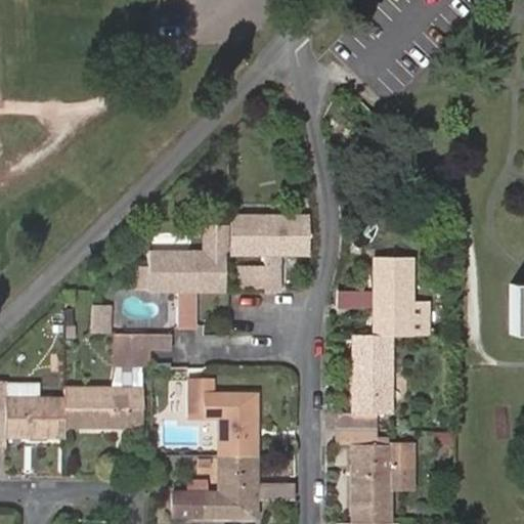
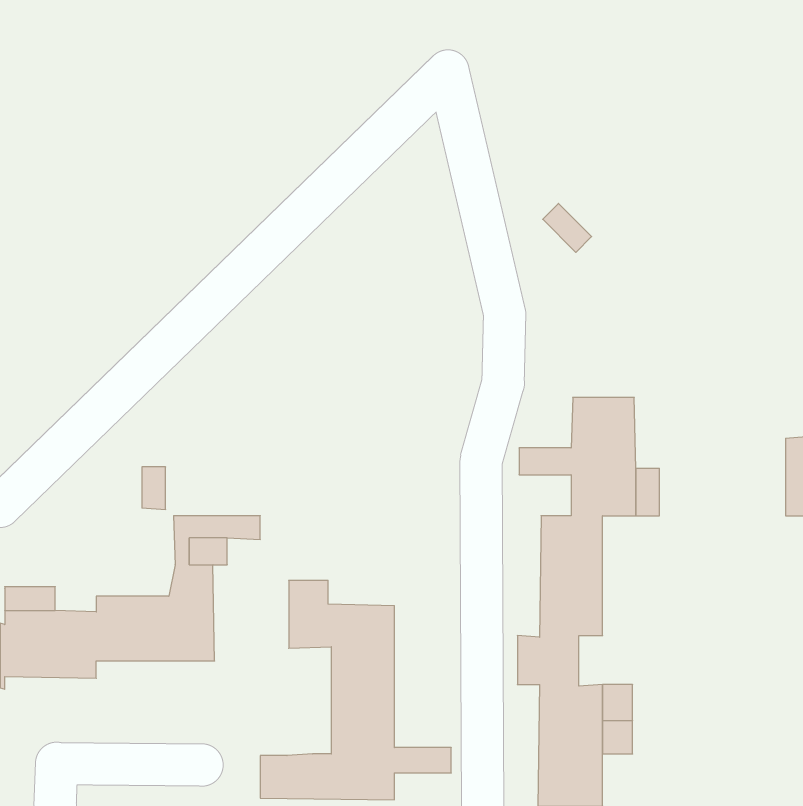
building: [231,215,308,293] -> none
building: [139,226,225,330] -> none

